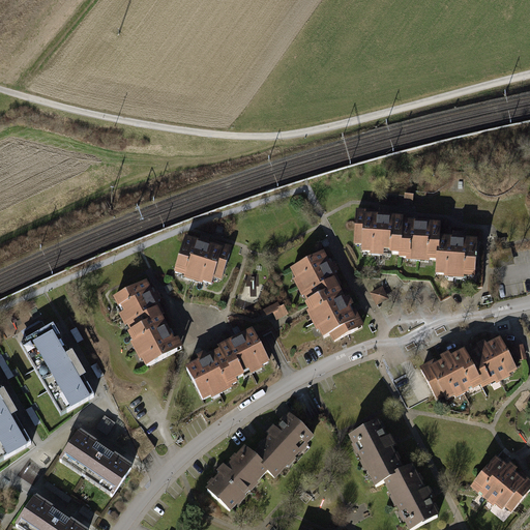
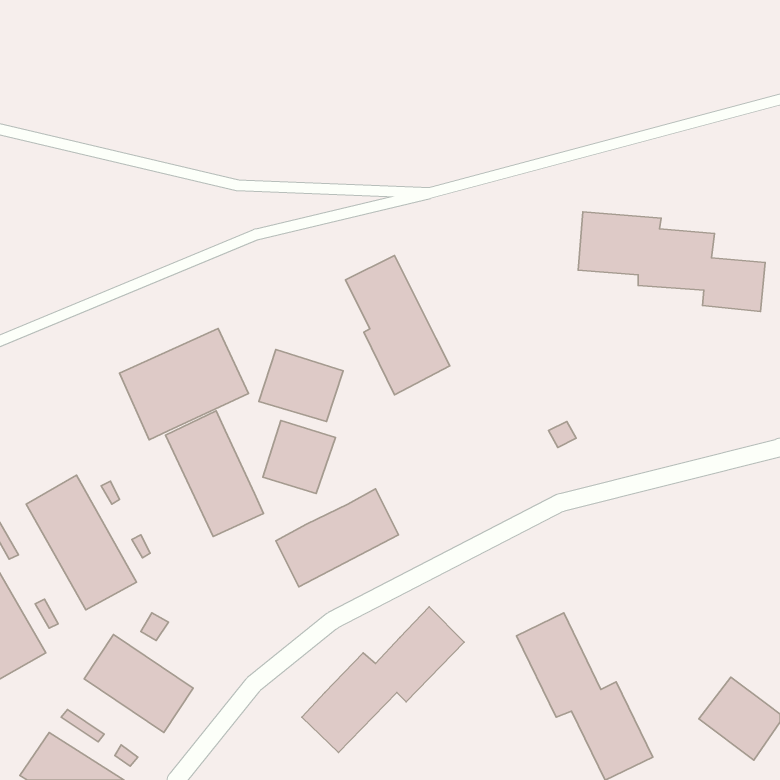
building: [352,212,478,279] -> [578,212,765,311]
building: none -> [119,329,249,440]
building: [292,249,362,344] -> [345,255,450,395]
building: none -> [263,420,336,493]
building: [418,335,514,401] -> none

